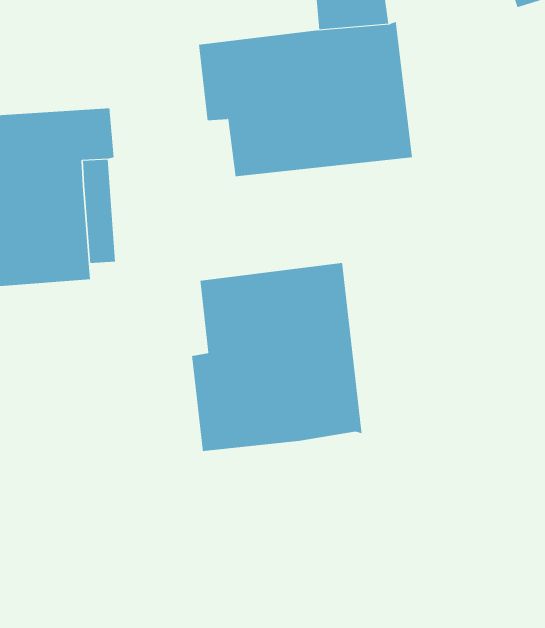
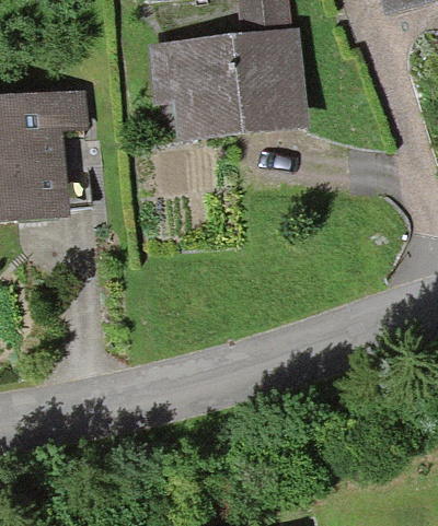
building: [191,262,362,452] -> none

